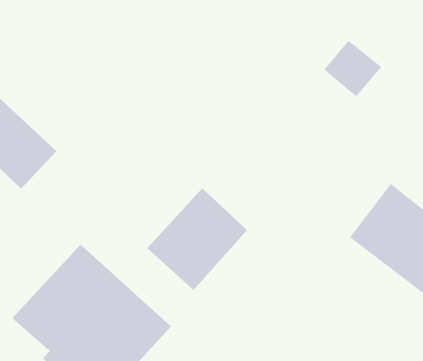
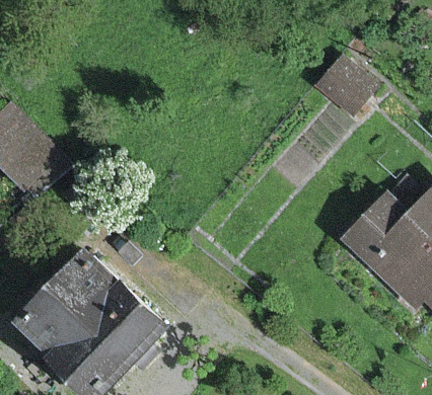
building: [146,188,248,291] -> none

